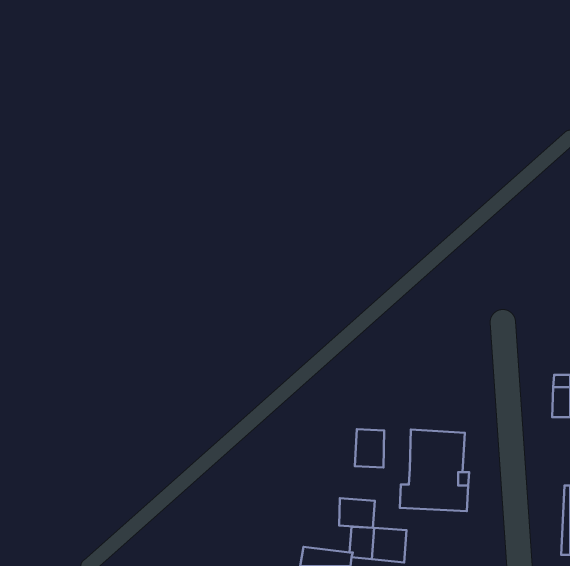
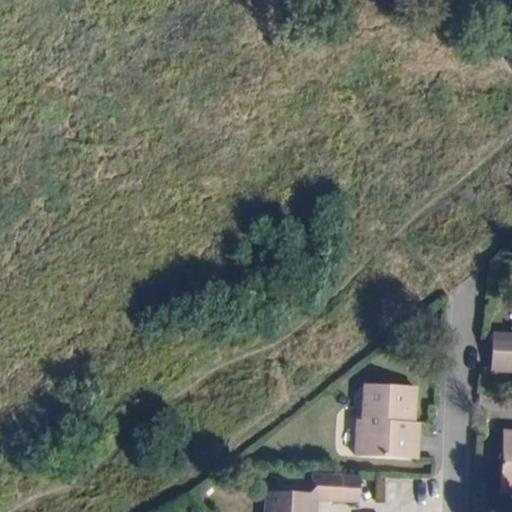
building: [355,429,384,468] -> none
building: [339,498,375,528] -> none

